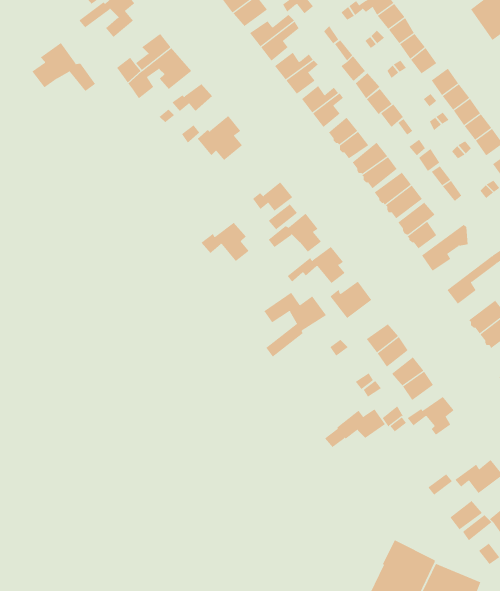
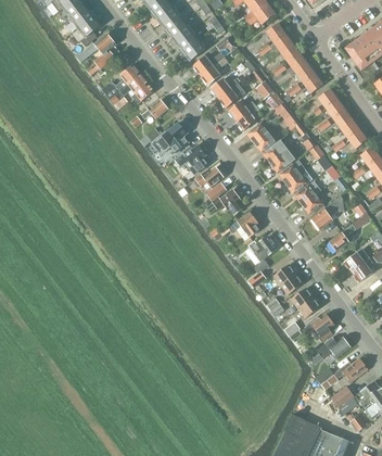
building: [32,42,96,92] -> none
building: [201,222,250,262] -> [175,144,208,172]
building: [264,292,327,358] -> none
building: [324,408,386,448] -> [308,335,351,363]

